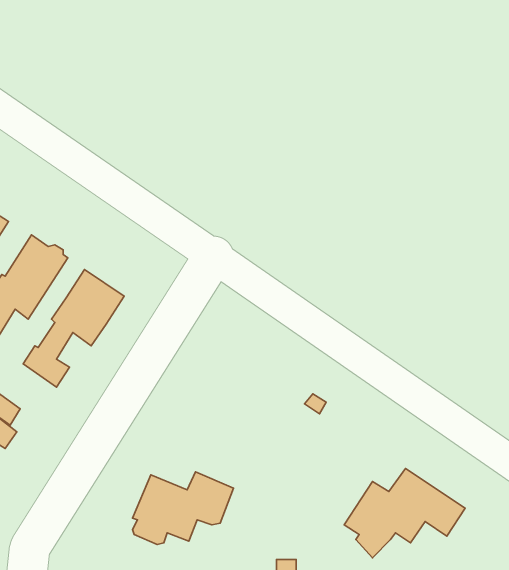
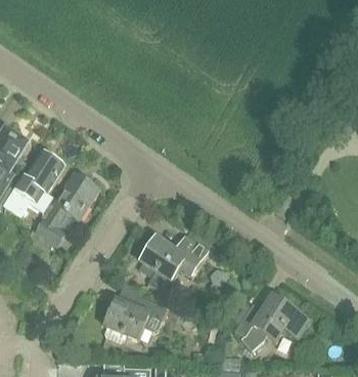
building: none -> [136,236,204,293]

